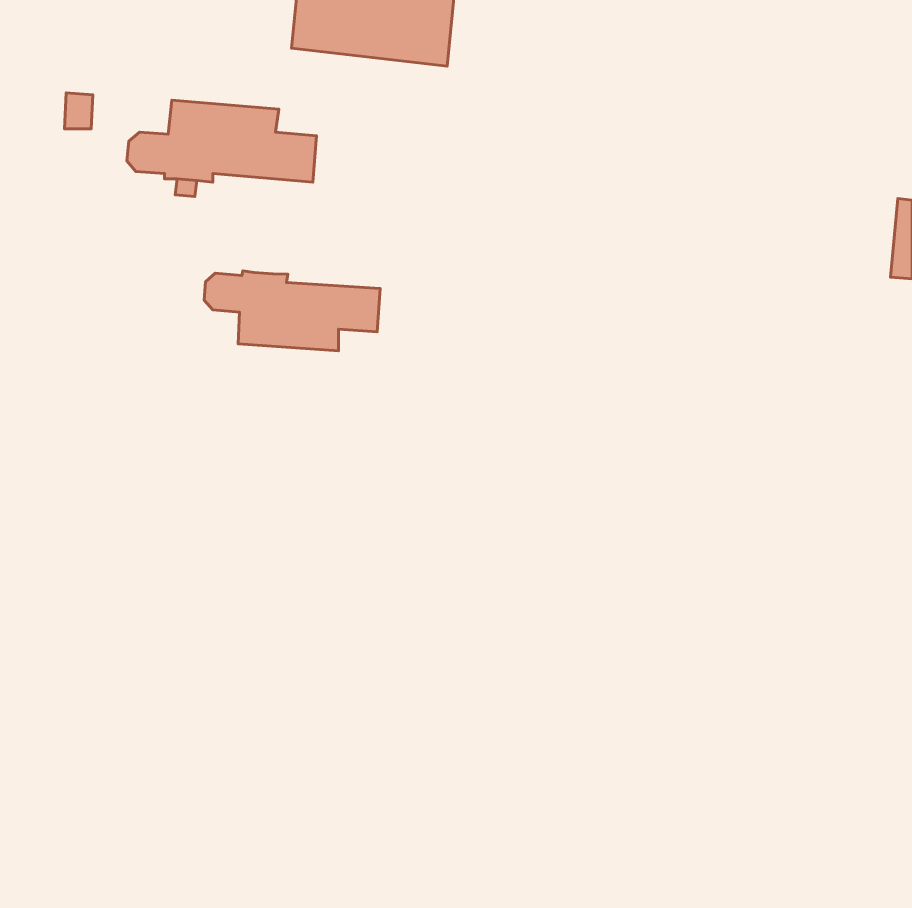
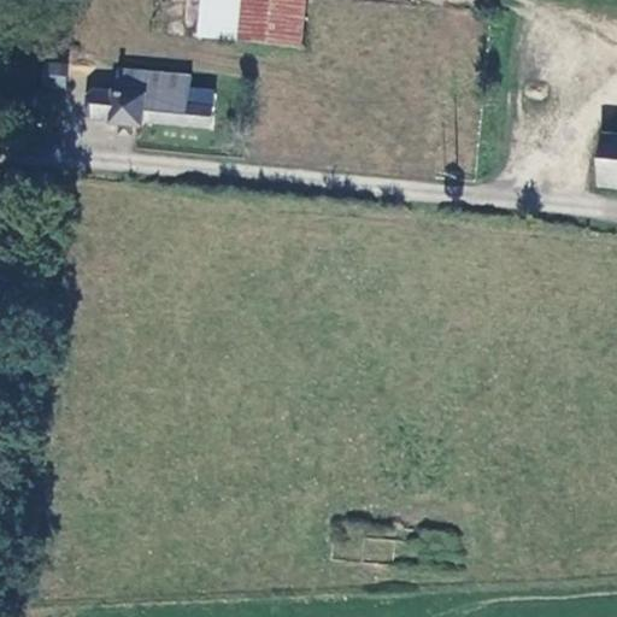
building: [204,271,380,351] -> none

